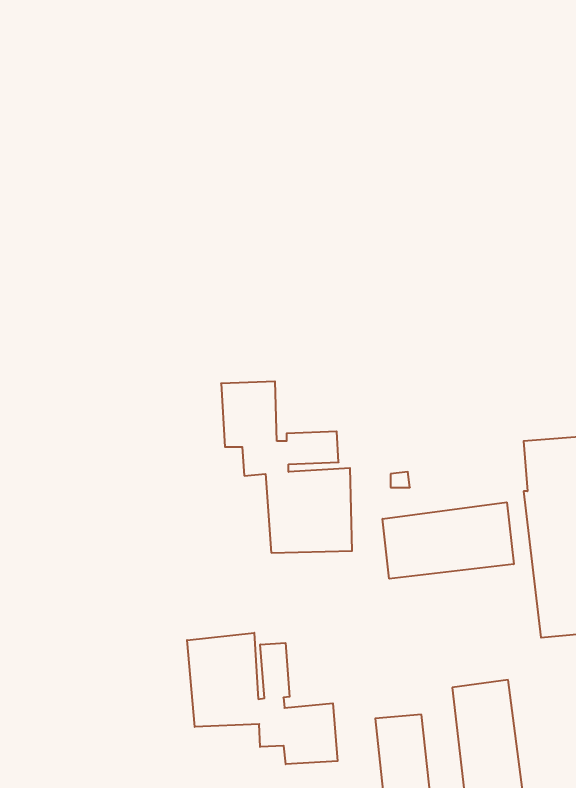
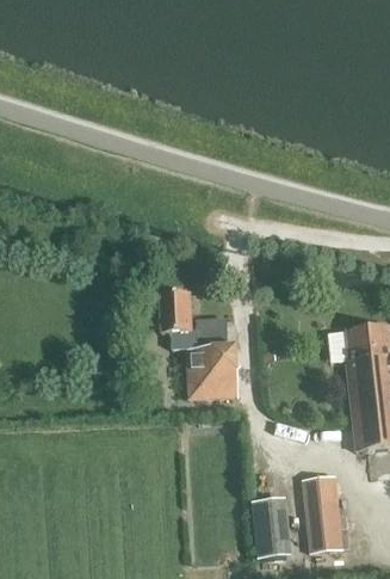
building: [383,502,514,579] -> none
building: [187,633,338,764] -> none

